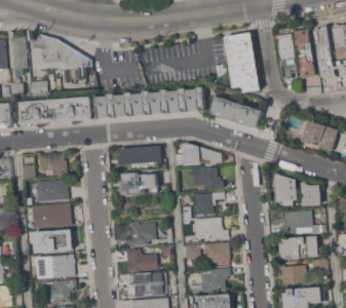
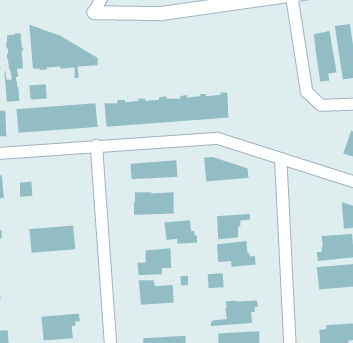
building: [222,32,261,94] -> none
building: [210,95,261,128] -> none
building: [37,153,66,176] -> none
building: [191,167,221,189] -> [163,219,198,244]
building: [273,172,297,206] -> none
building: [35,180,67,201] -> none
building: [33,229,72,252] -> none
building: [202,240,229,262] -> none
building: [36,255,73,277] -> none
building: [279,265,305,283] -> none
building: [126,272,162,295] -> none

